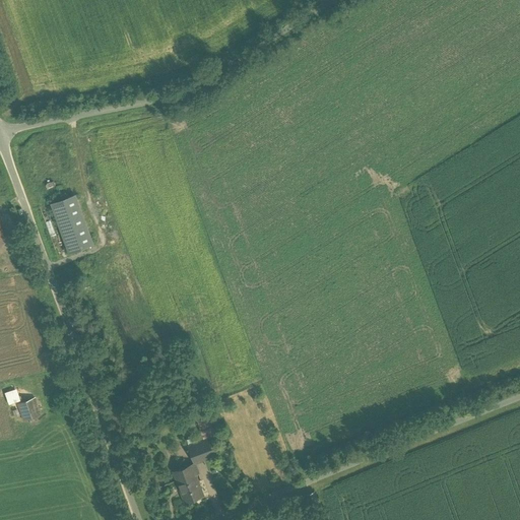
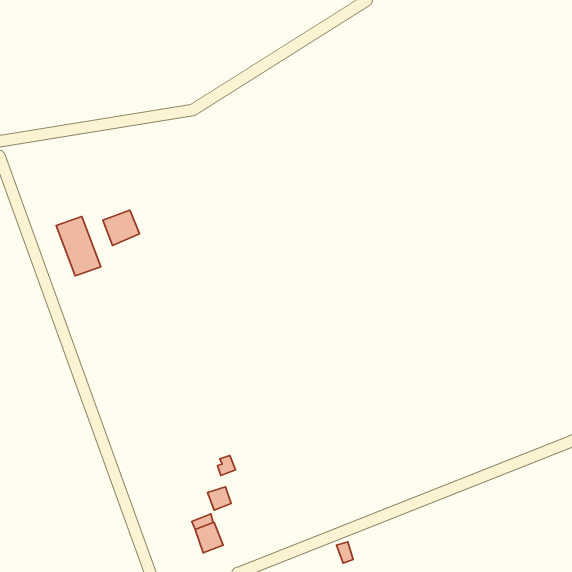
building: none -> [103,210,139,246]
building: [17,398,40,426] -> none

